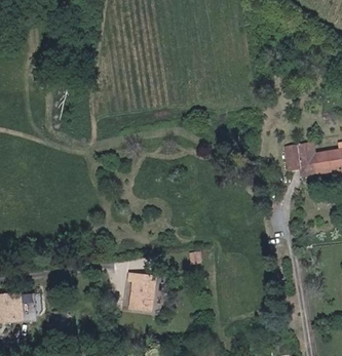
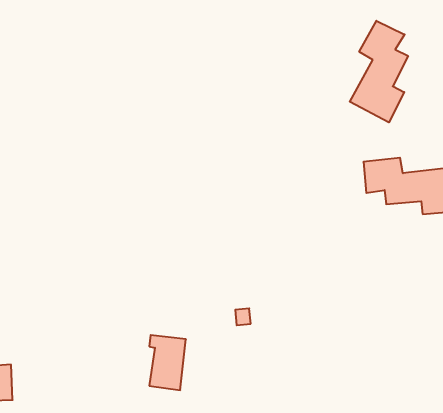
building: none -> [350,21,408,122]

